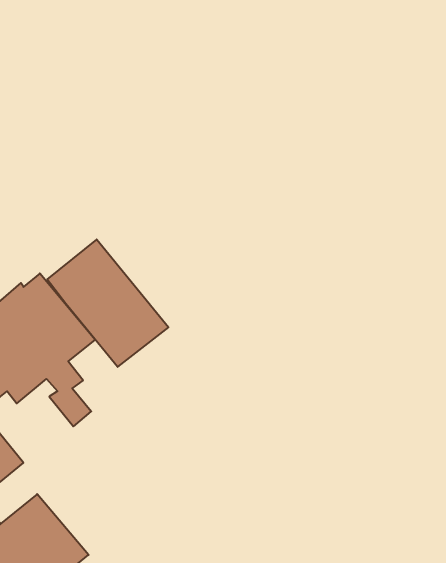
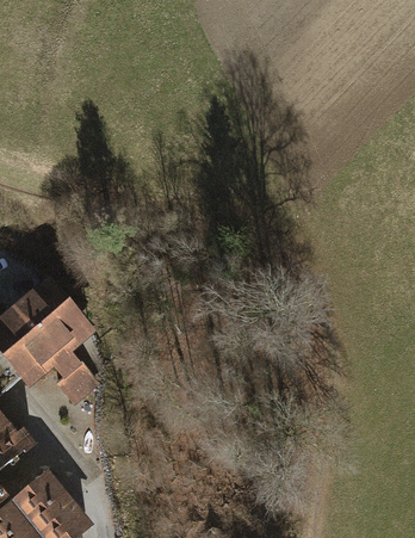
building: [47,239,168,367] -> none

